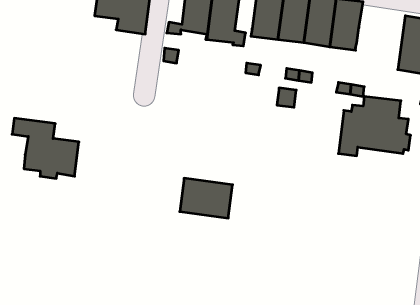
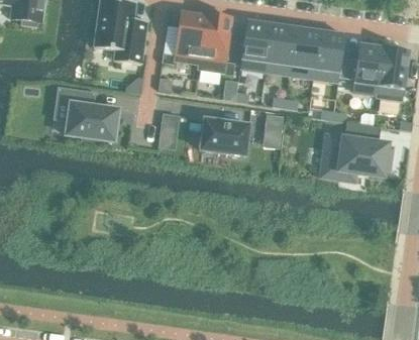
building: none -> [338,43,385,97]
building: none -> [159,114,179,147]
building: [12,118,79,178] -> [56,87,118,143]
building: [180,178,233,218] -> [200,120,249,157]

